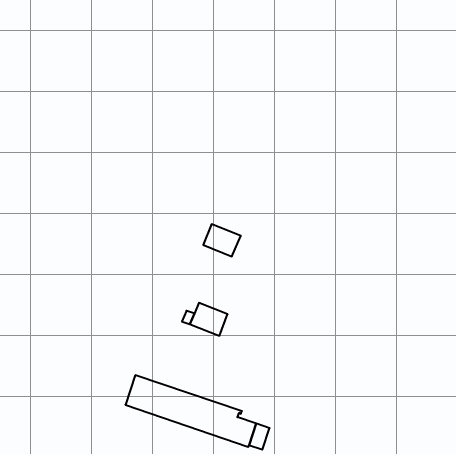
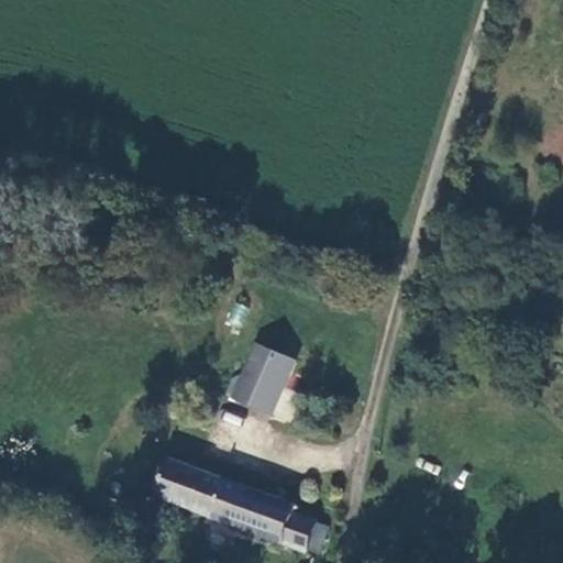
building: [203,224,241,256] -> [244,346,290,386]

